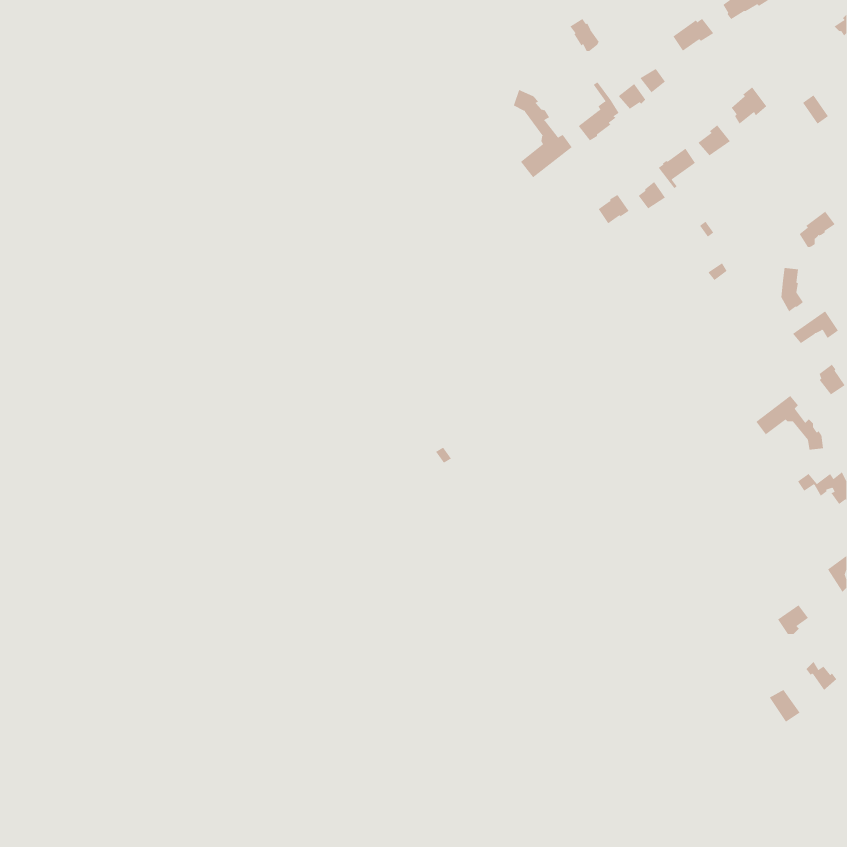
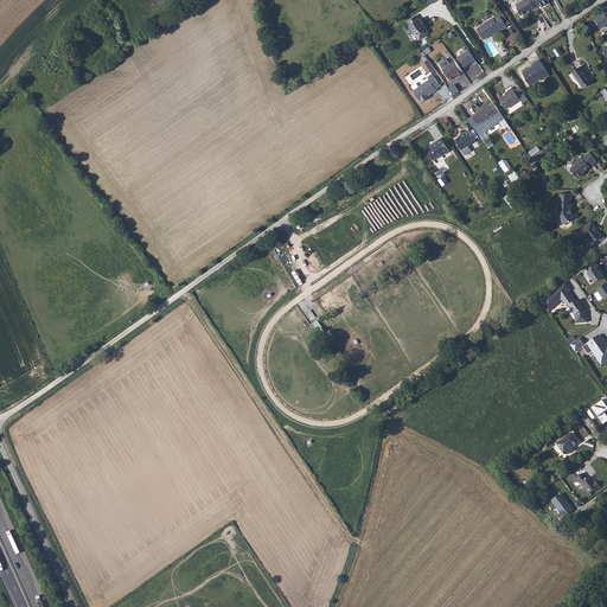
building: [513,89,572,178] -> none

